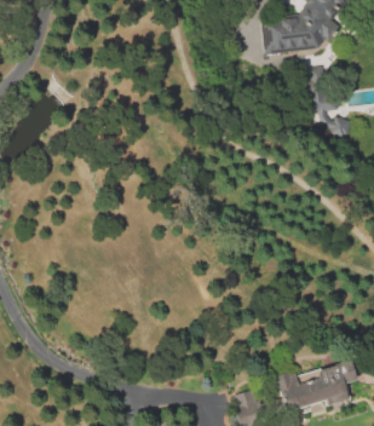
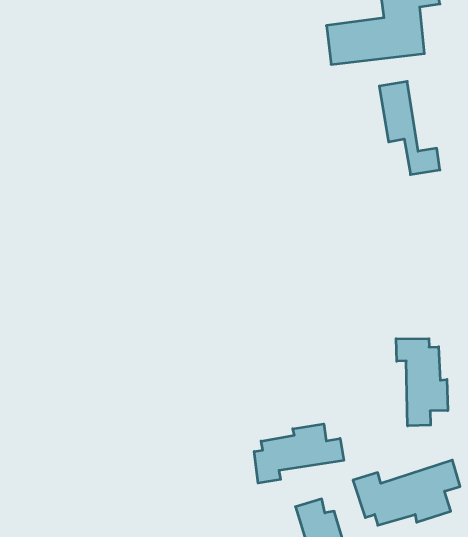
building: none -> [396,339,448,426]
building: none -> [254,424,344,483]

